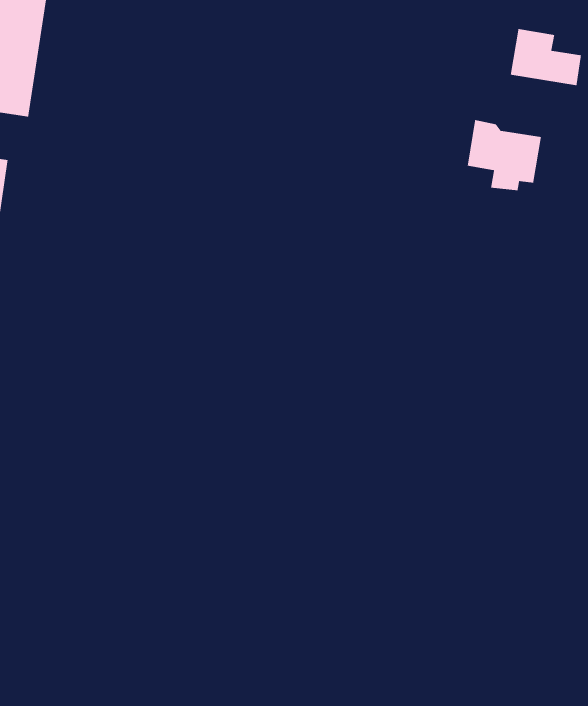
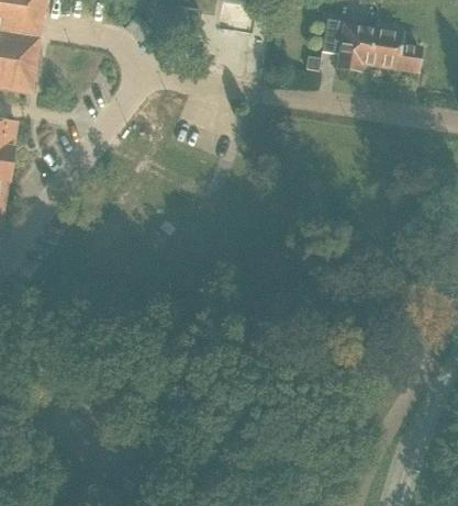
building: [467,119,542,191] -> [321,16,373,67]

